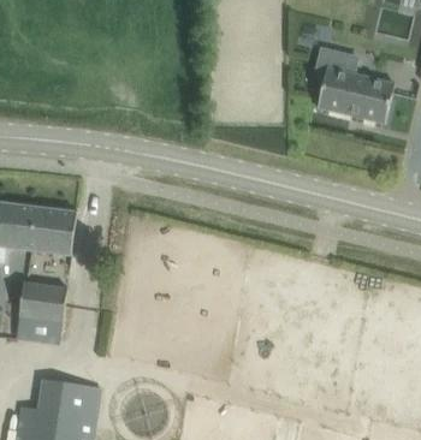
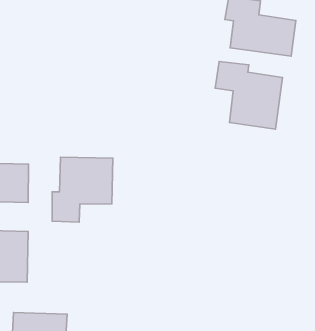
building: none -> [215,62,283,129]
building: none -> [52,157,113,222]

